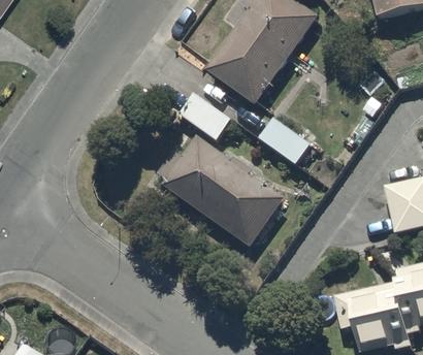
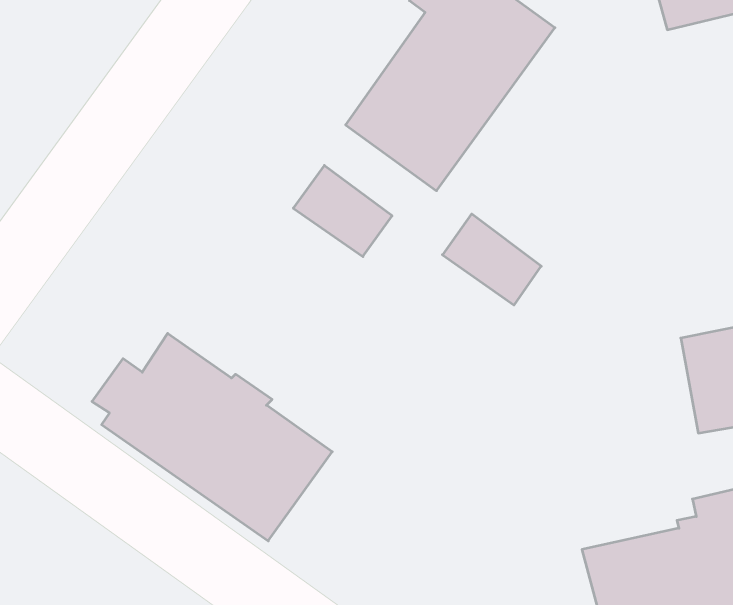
building: [158,137,286,248] -> [92,333,332,541]

